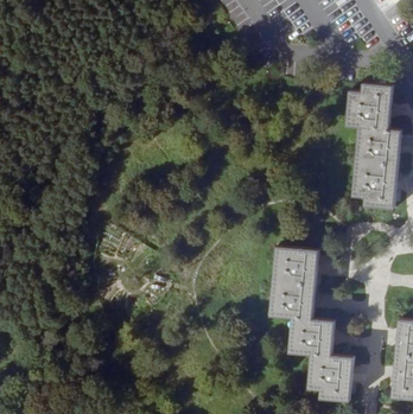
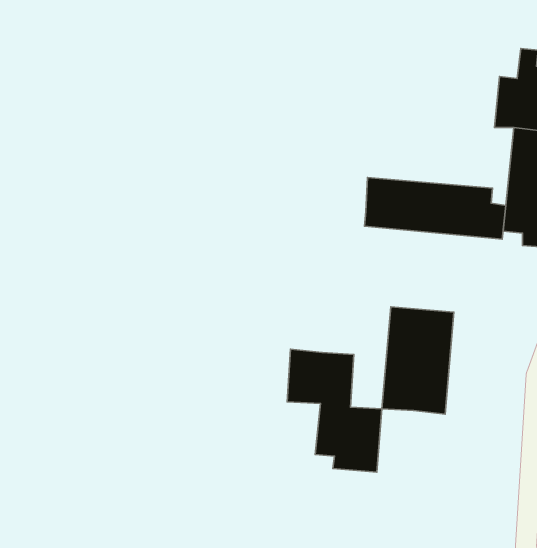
building: none -> [364,177,506,239]
building: [288,317,352,400] -> [287,349,382,472]

